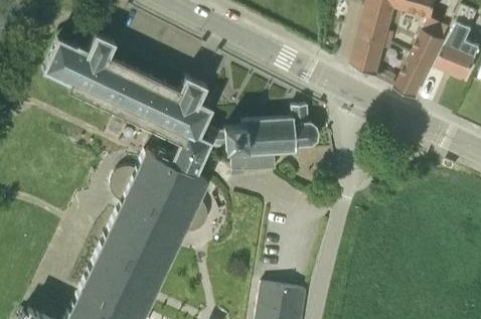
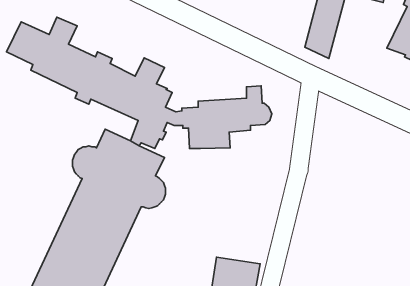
building: [396,19,449,98] -> none

